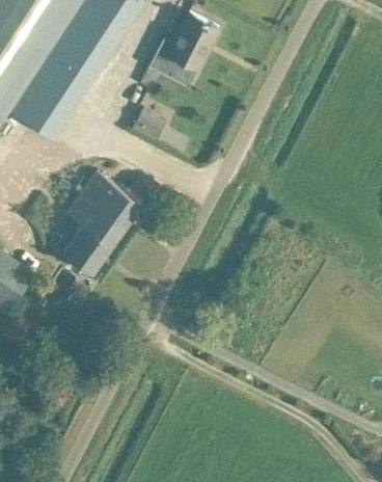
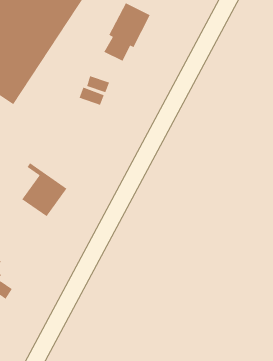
building: [74,170,145,239] -> none

